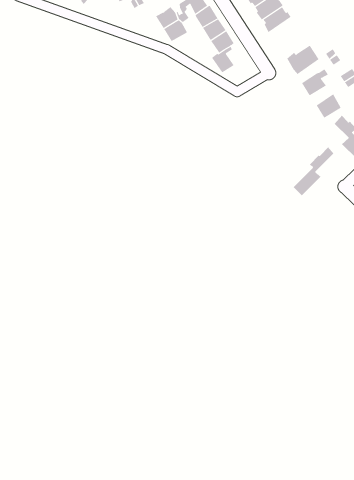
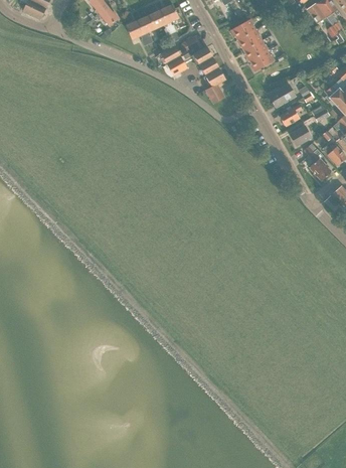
building: [293,146,334,196] -> none

